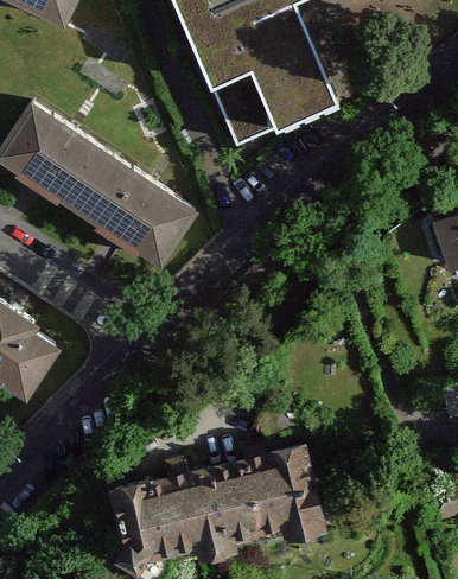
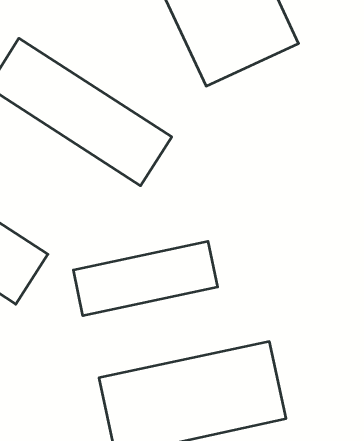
building: none -> [73,241,218,316]

